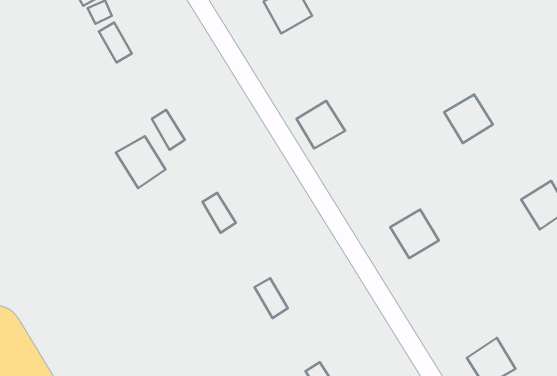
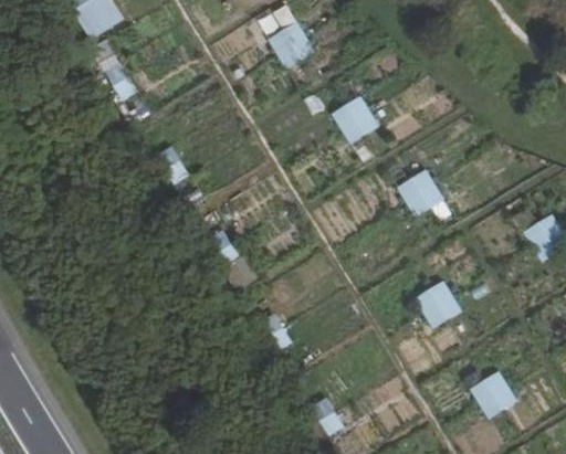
building: [444,95,493,143] -> [397,169,446,218]
building: [296,101,345,149] -> [332,95,380,142]
building: [116,136,166,188] -> none
building: [390,209,439,258] -> [415,282,463,330]

